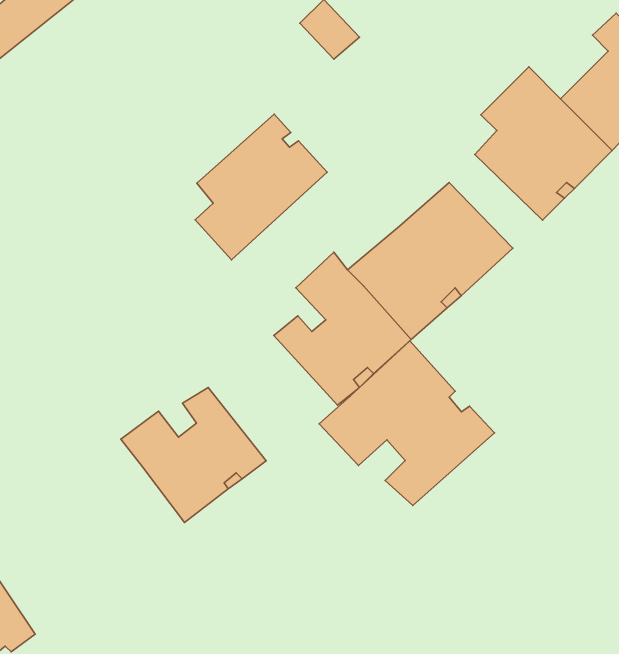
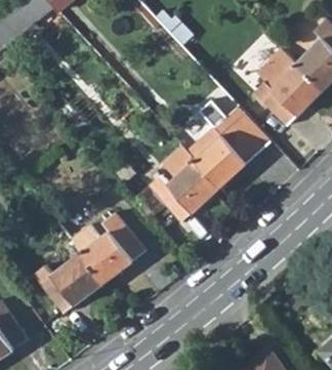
building: [195,114,327,260] -> none
building: [319,341,494,505] -> none
building: none -> [33,254,102,314]

